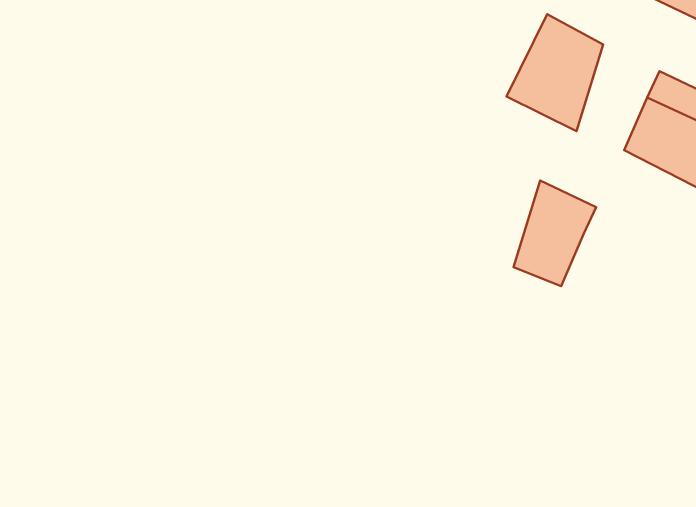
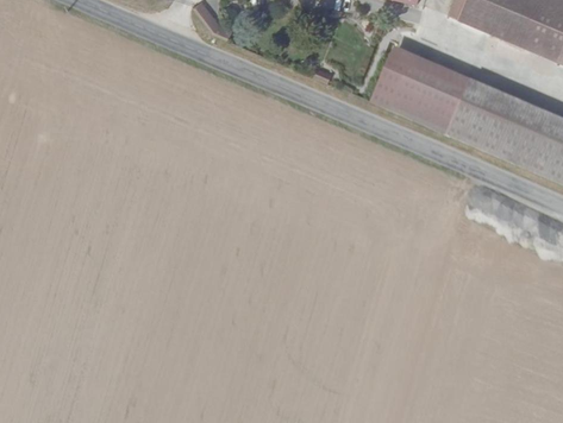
building: [513,180,596,286] -> [419,65,471,134]

